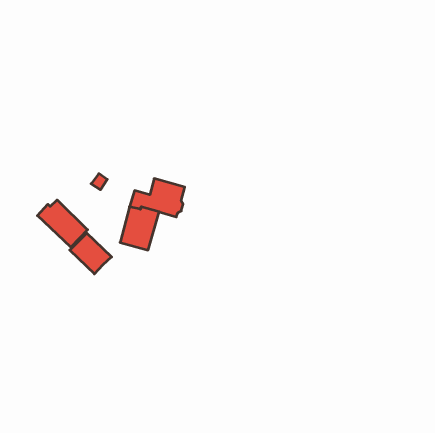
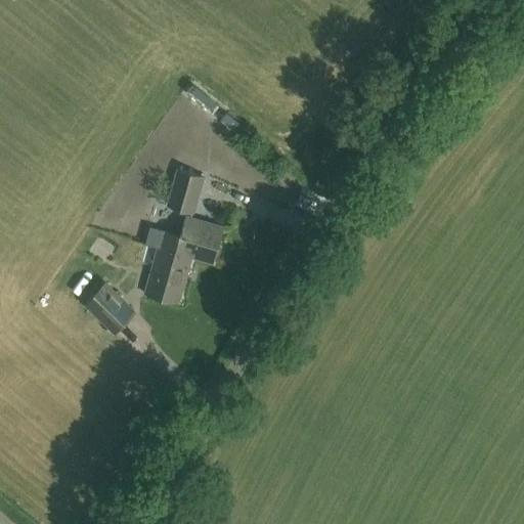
building: none -> [168,170,203,213]
building: [37,200,88,247] -> none

